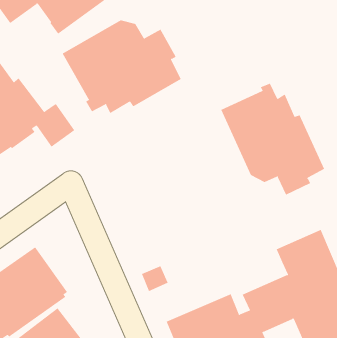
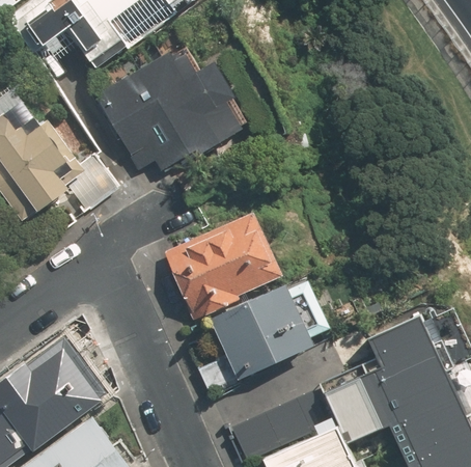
building: [221,83,325,195] -> none
building: none -> [161,214,281,320]
building: none -> [210,283,329,380]

